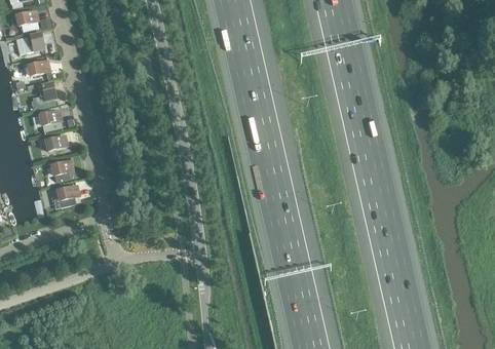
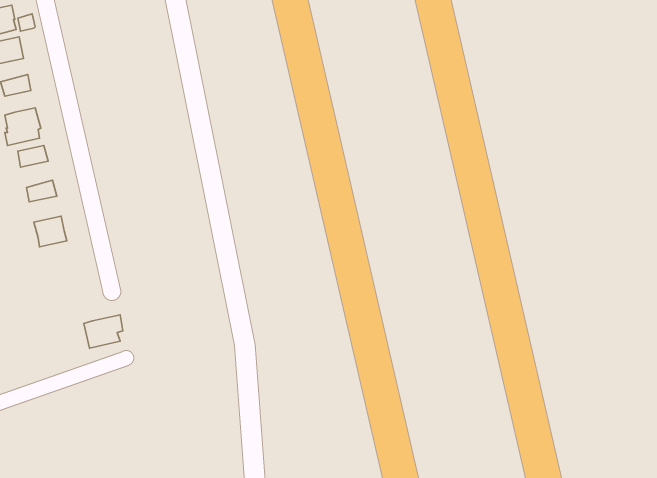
building: [51,185,79,208] -> [84,315,123,348]

